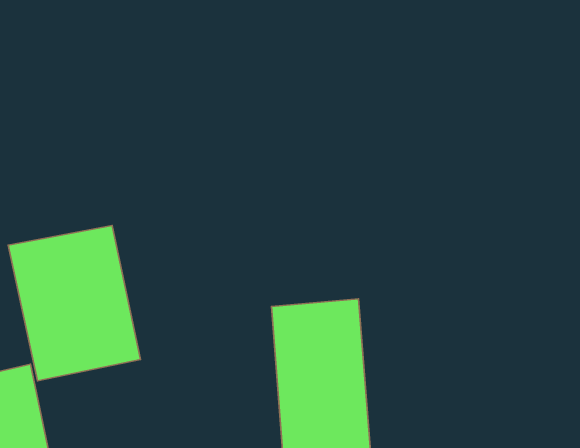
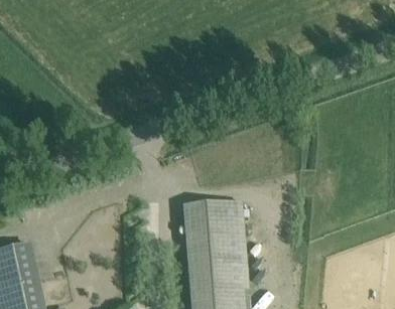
building: [8,225,140,381] -> none

